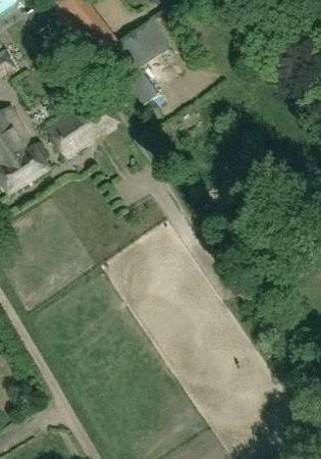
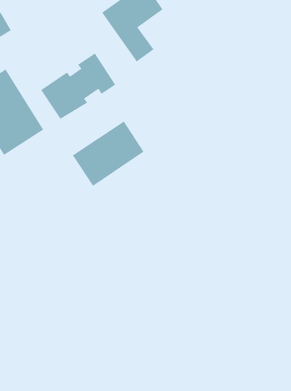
building: none -> [72,121,144,187]

